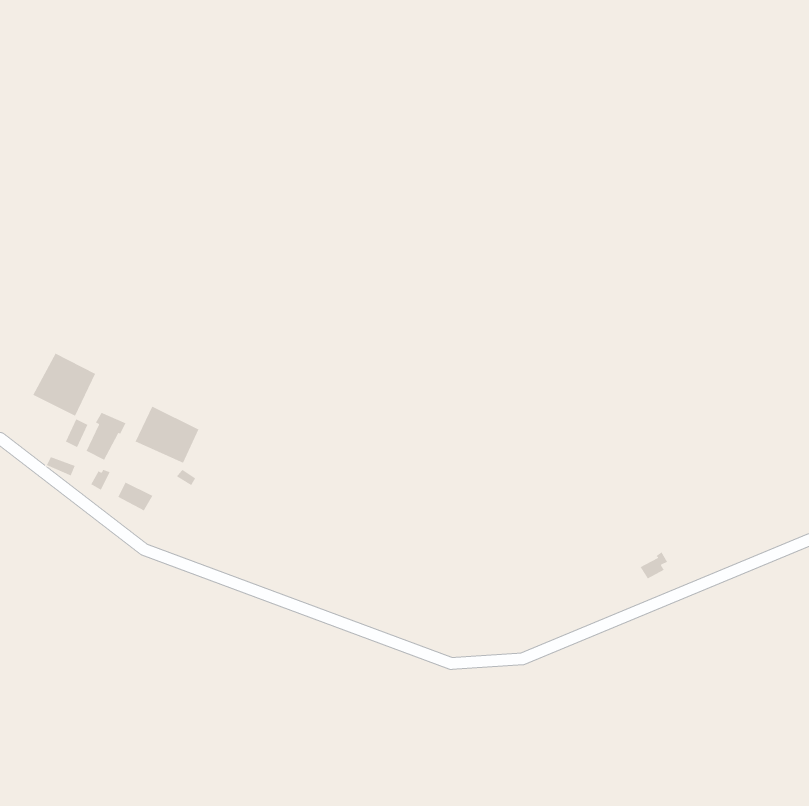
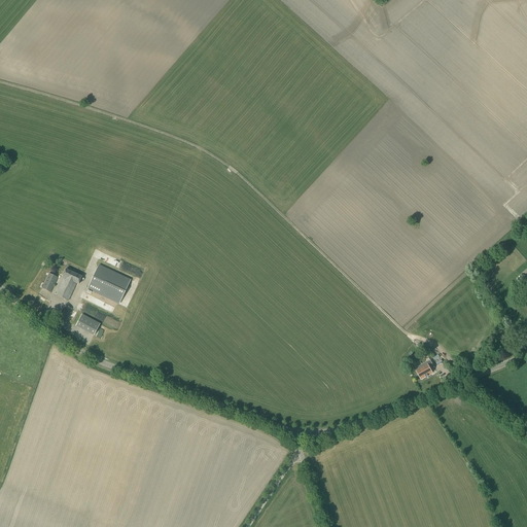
building: [32,352,96,417] -> none

